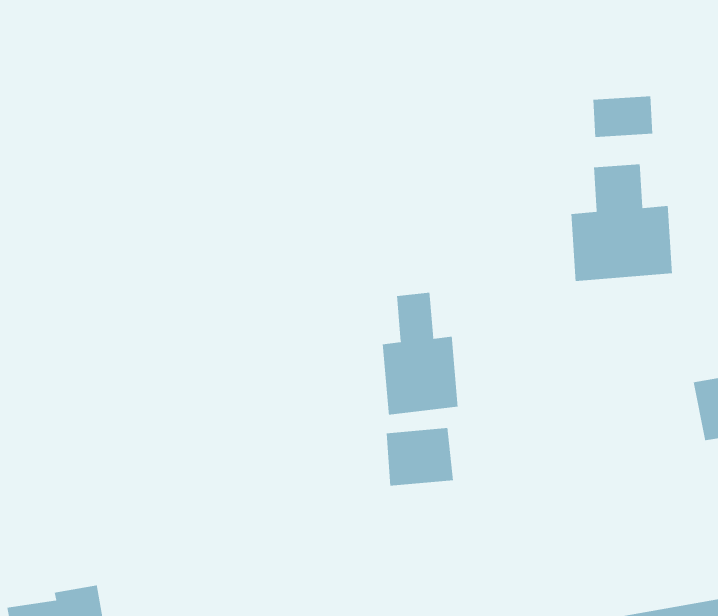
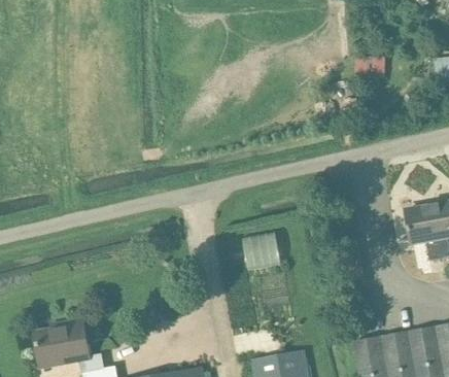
building: [571,163,673,282] -> none
building: [382,292,458,415] -> none

